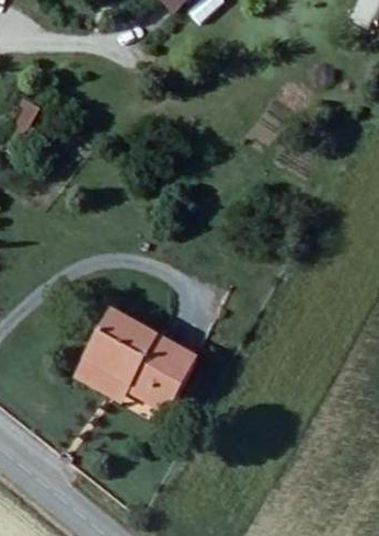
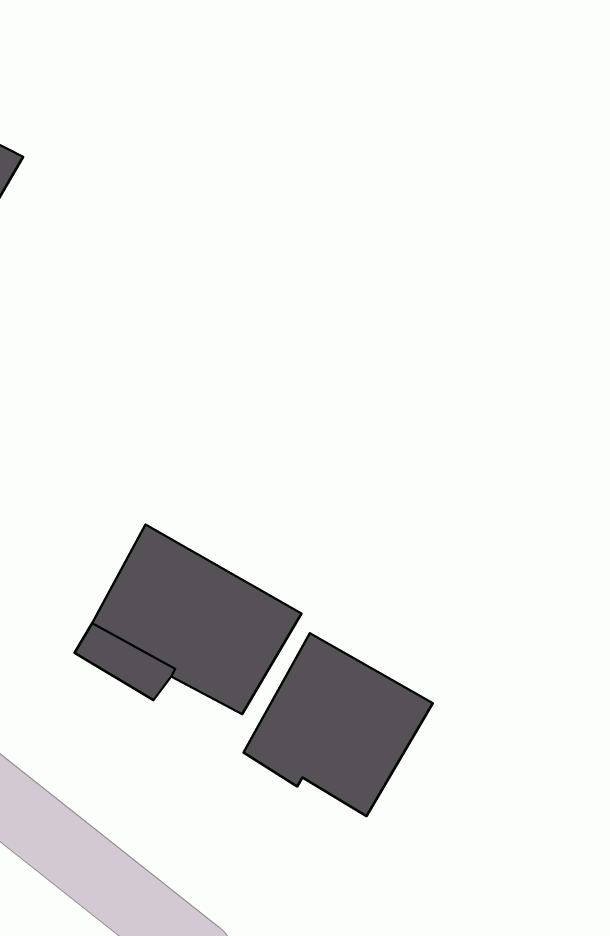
building: none -> [244,633,433,816]

